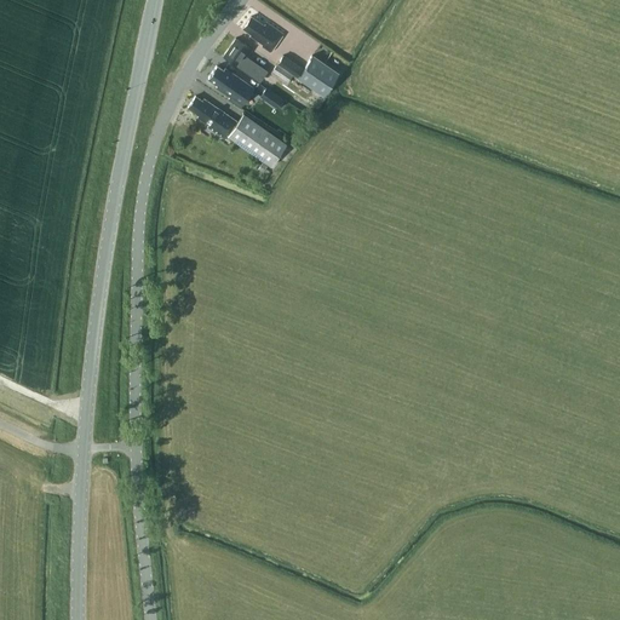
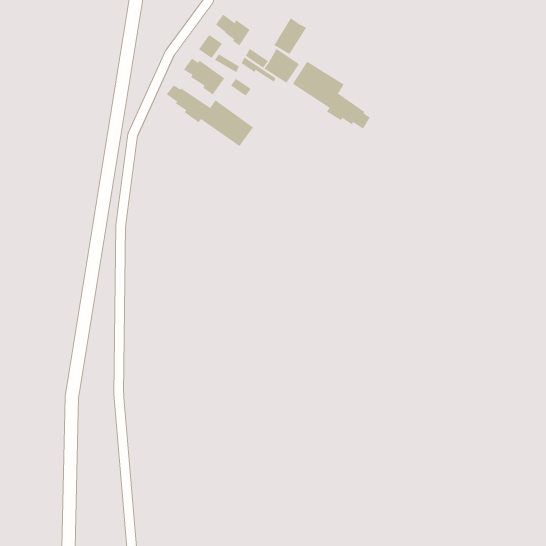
building: none -> [274,17,307,55]
building: none -> [292,61,370,129]

